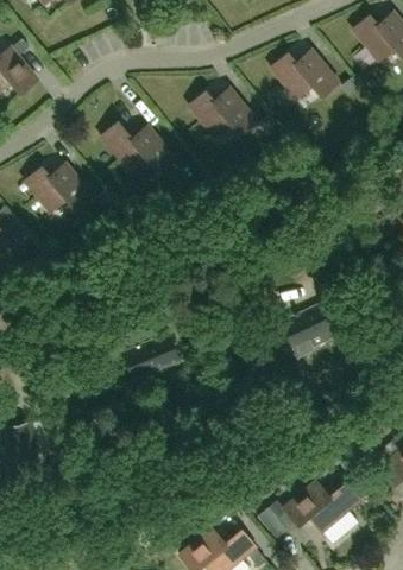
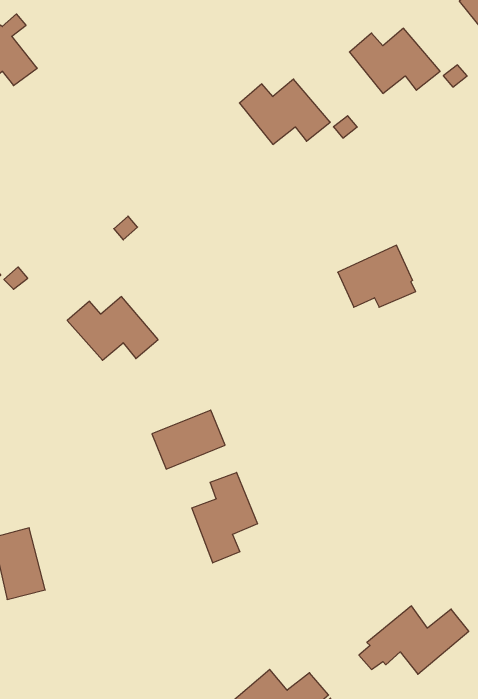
building: [100,122,174,175] -> none
building: [24,164,92,211] -> [67,297,158,360]
building: [279,302,338,348] -> [338,245,416,307]
building: none -> [192,472,257,563]

